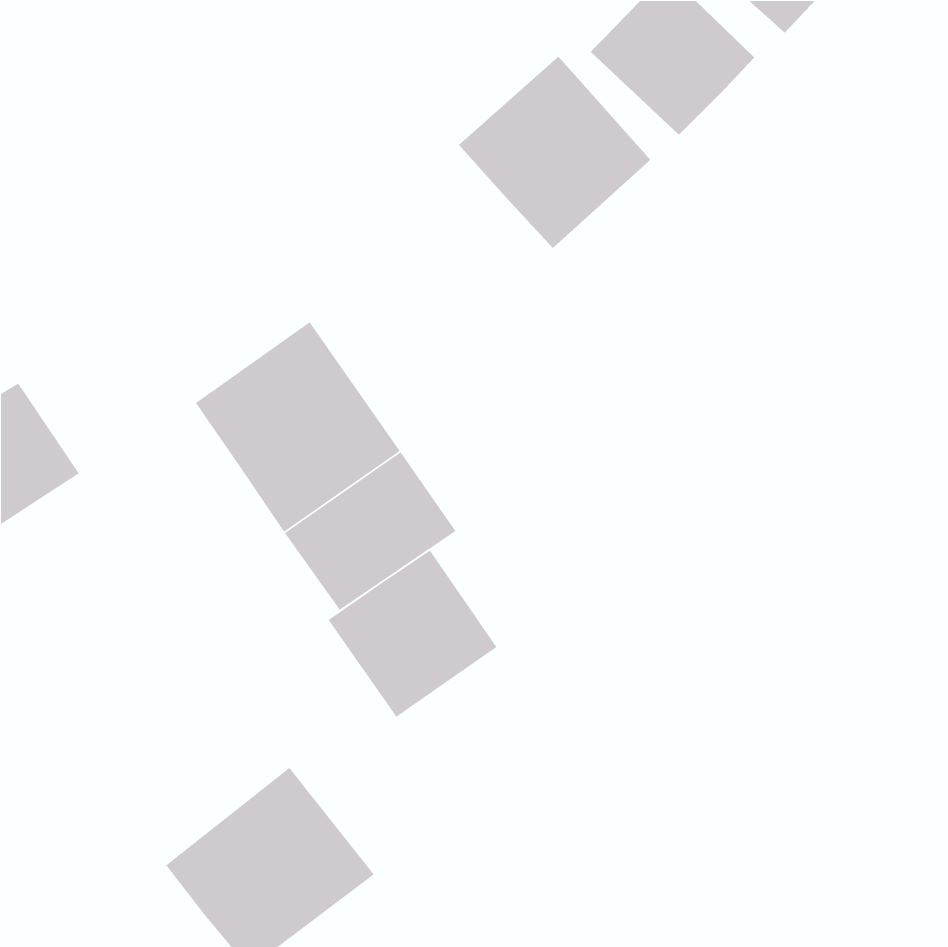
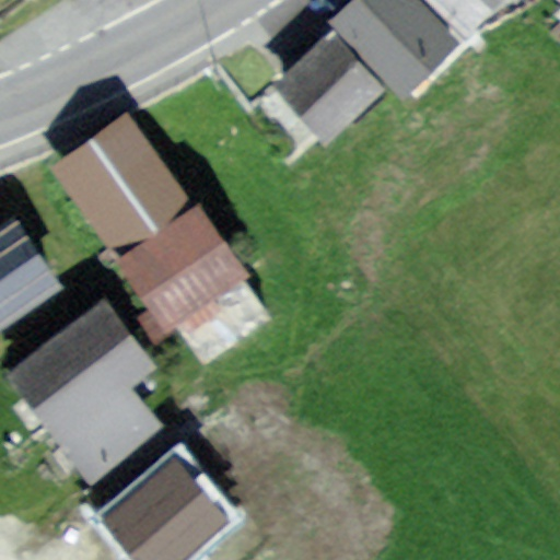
building: none -> [58,110,183,238]
building: none -> [16,307,148,465]
building: [327,549,497,718] -> none

